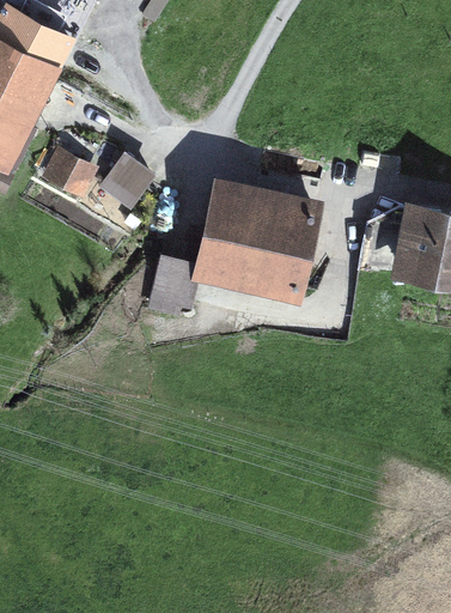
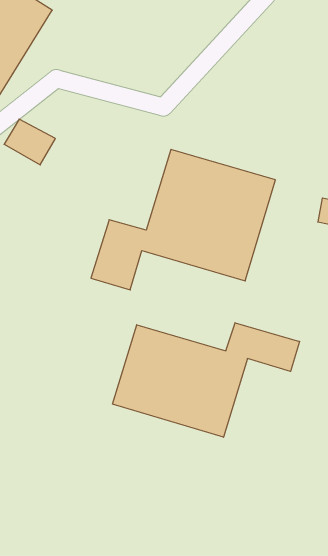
building: [97,157,151,211] -> none
building: none -> [112,323,300,437]

